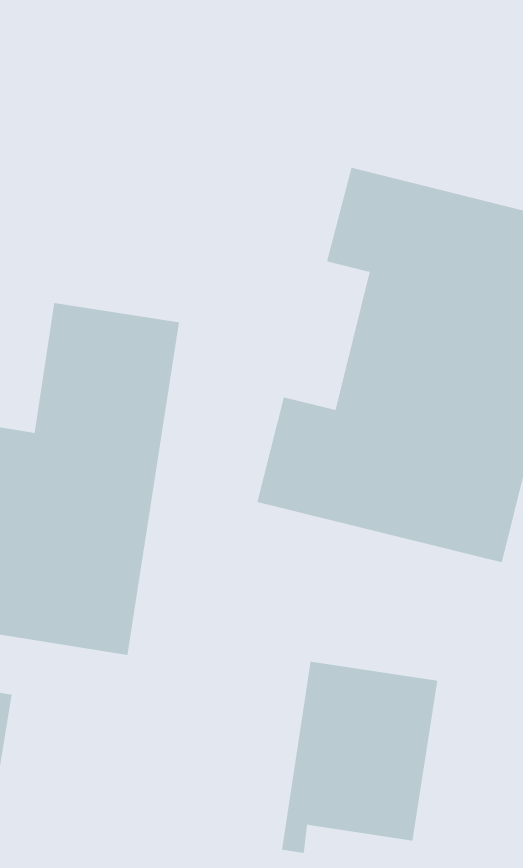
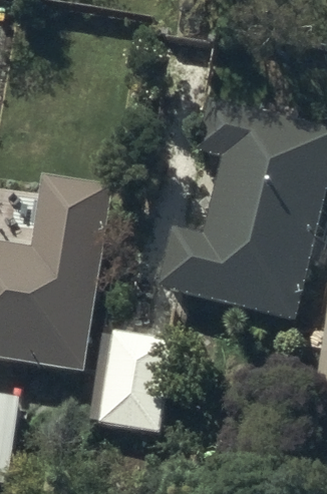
building: [281,661,438,854] -> [86,330,175,438]

